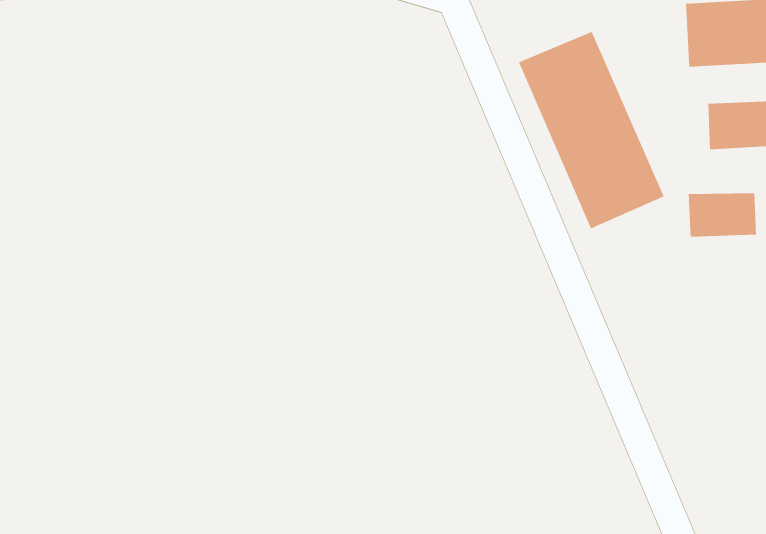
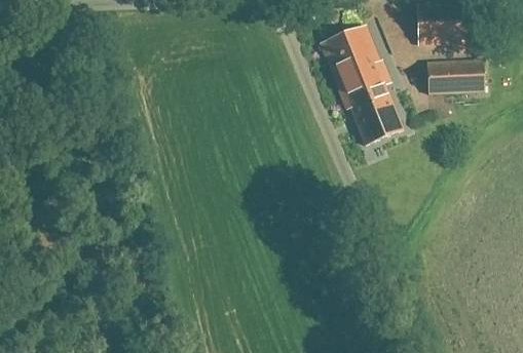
building: [688,193,756,238] -> none

